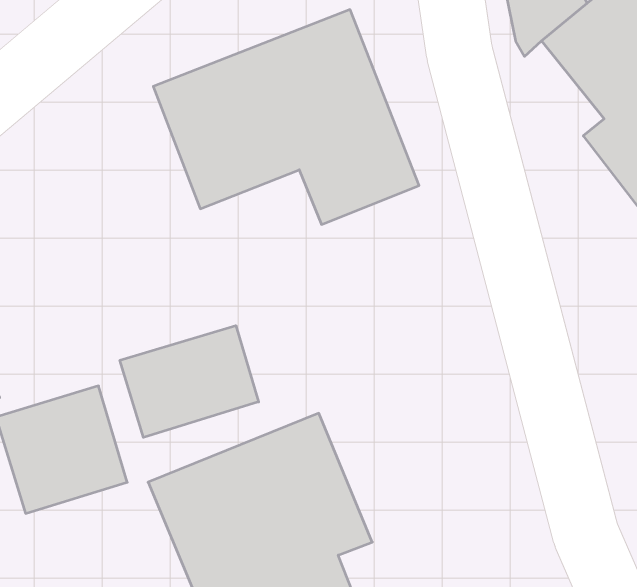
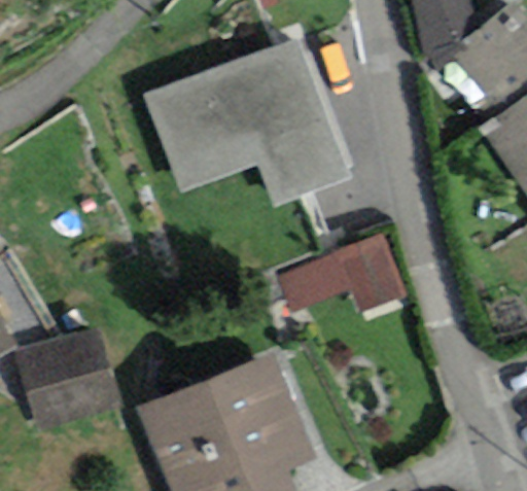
building: none -> [284,231,417,317]
building: [120,326,259,437] -> none

